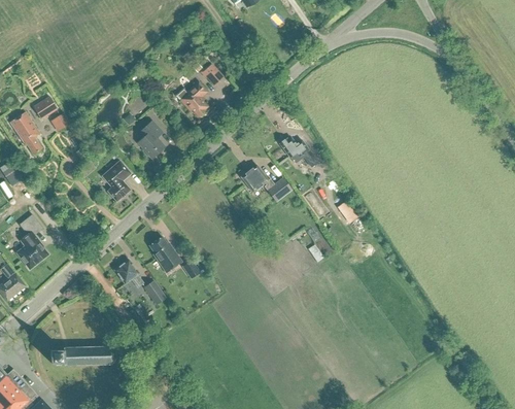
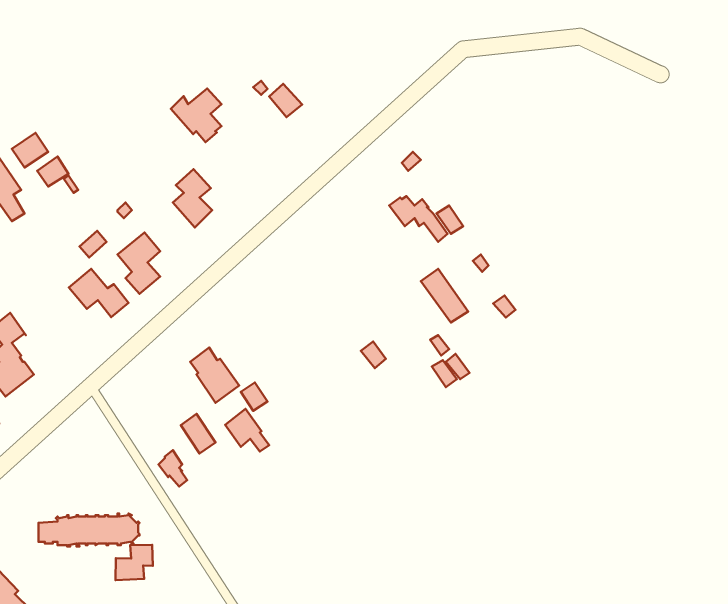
building: [176,82,209,117] -> [171,88,221,142]
building: [241,165,293,202] -> none
building: none -> [69,269,129,317]
building: [115,260,144,287] -> [225,409,269,452]
building: none -> [115,545,153,580]

